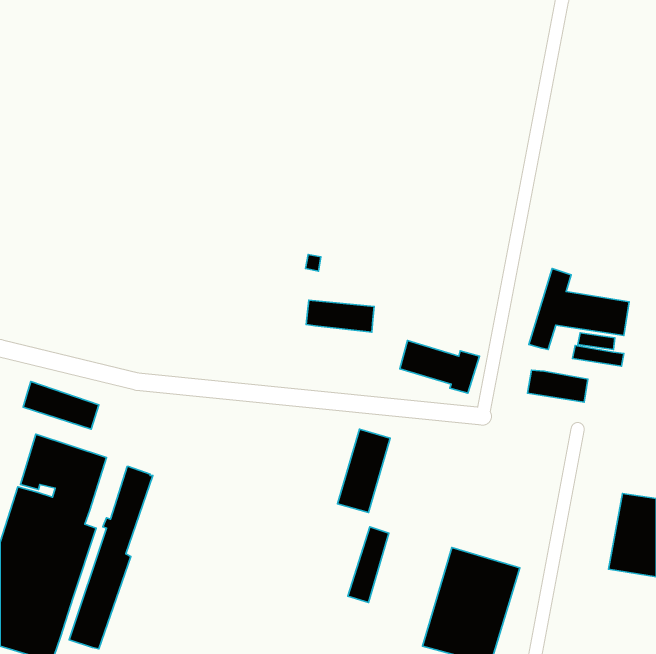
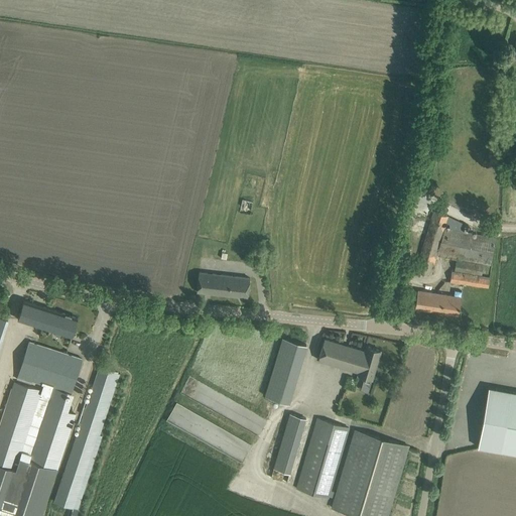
building: [306,300,374,332] -> [197,274,250,299]
building: [400,341,479,393] -> [318,340,381,381]
building: none -> [296,420,349,500]

